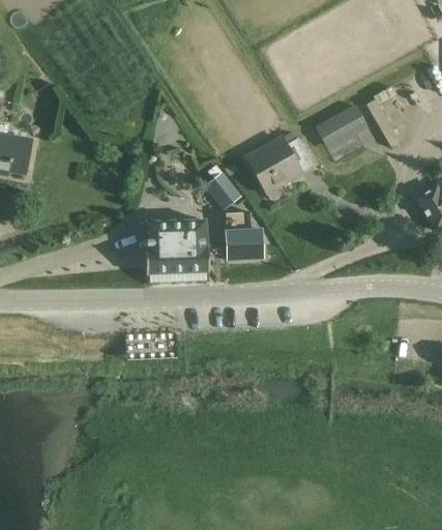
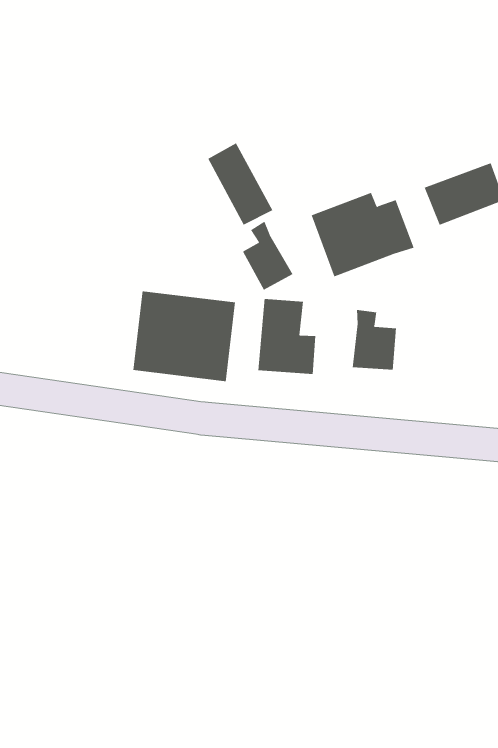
building: none -> [208,142,273,226]
building: none -> [352,309,397,371]

